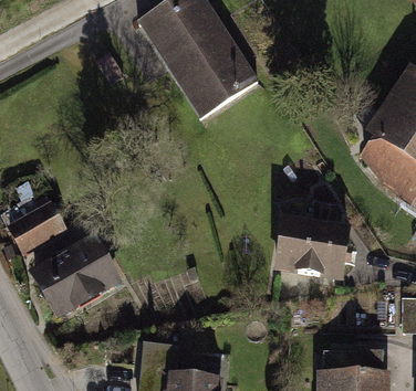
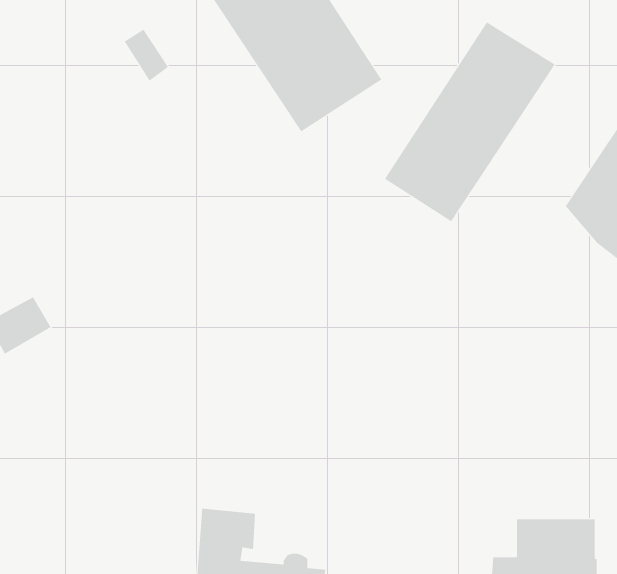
building: none -> [384,21,555,222]
building: [278,218,349,274] -> none
building: [37,239,115,310] -> none

